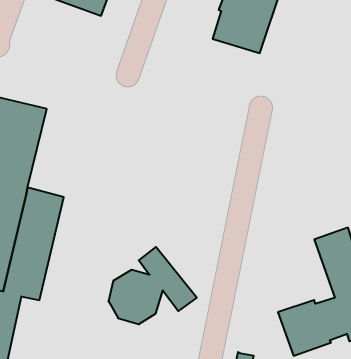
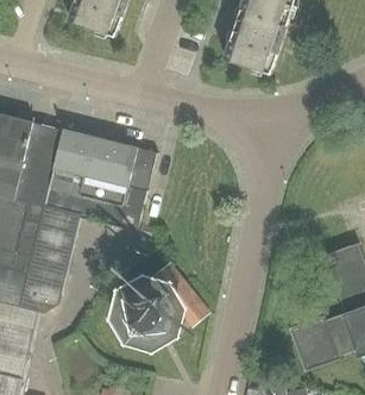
building: none -> [43,128,156,230]

